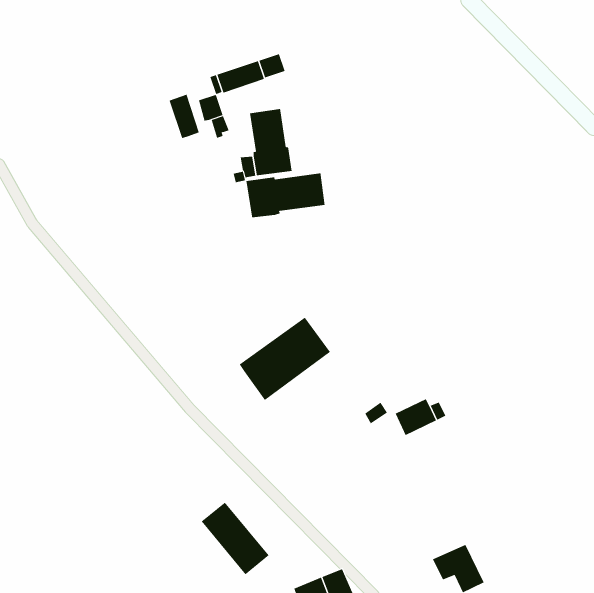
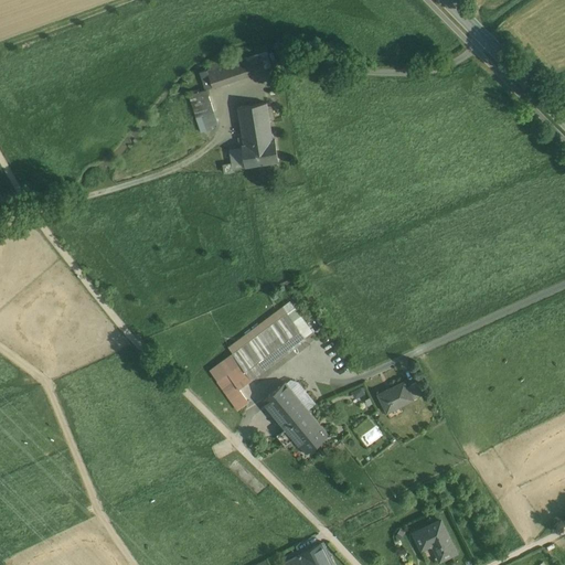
building: [169,94,200,139] -> none
building: [246,173,325,218] -> none
building: none -> [207,354,250,413]
building: [201,502,269,575] -> [264,385,329,455]

